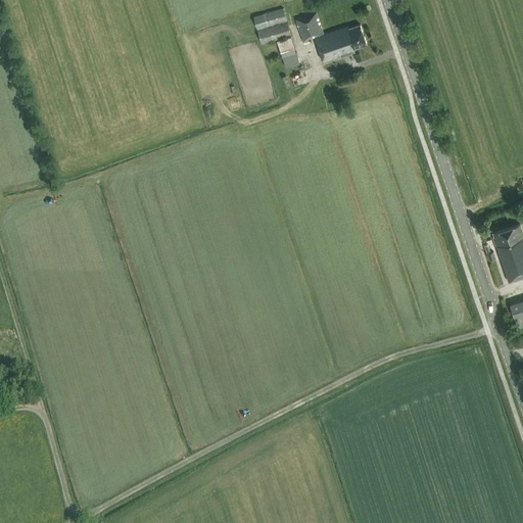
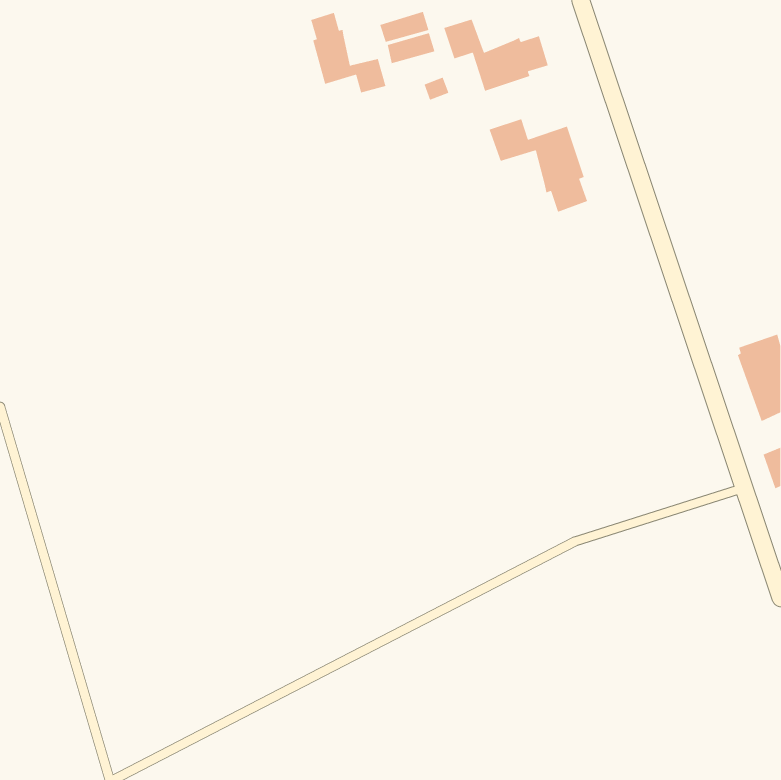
building: none -> [310,12,387,94]
building: none -> [489,118,588,213]

